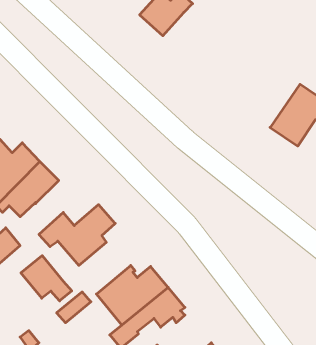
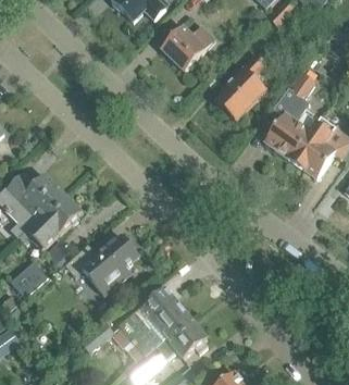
building: none -> [214,52,266,120]
building: none -> [264,74,320,160]
building: [21,256,72,301] -> none

